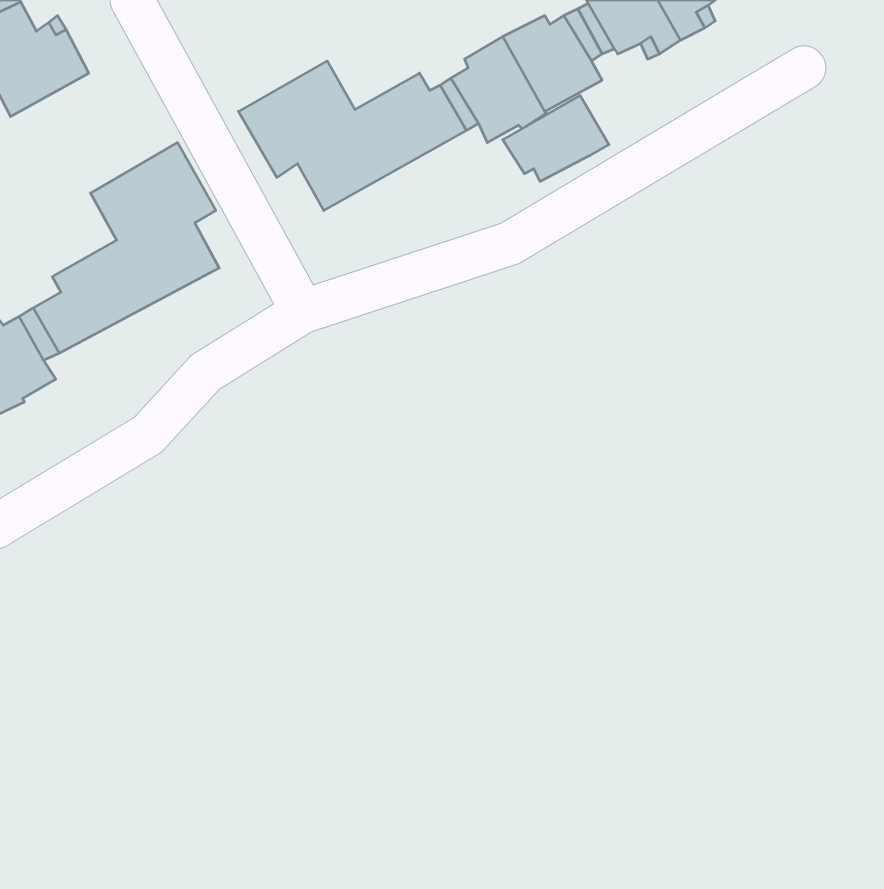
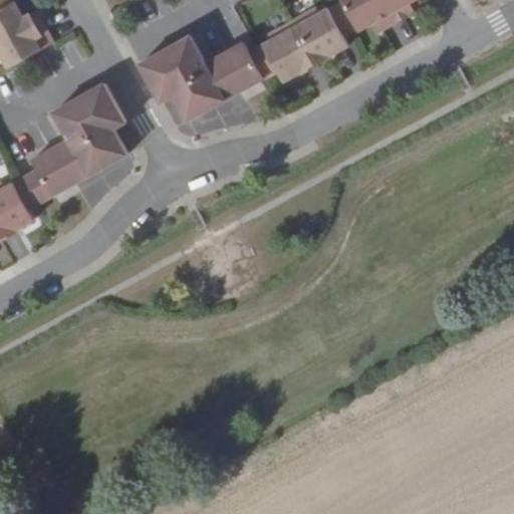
building: [503,96,609,181] -> none

